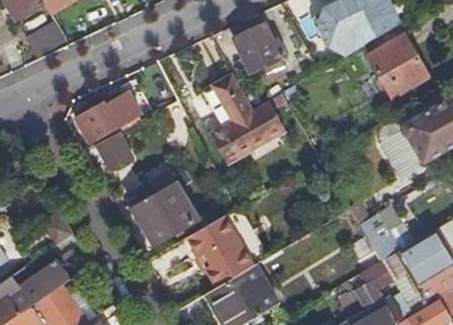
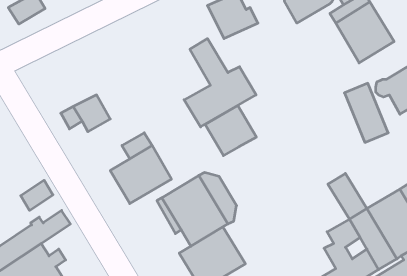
building: [75,90,141,143] -> none
building: none -> [205,106,256,156]

